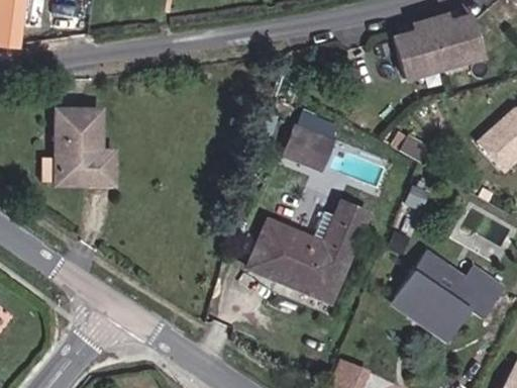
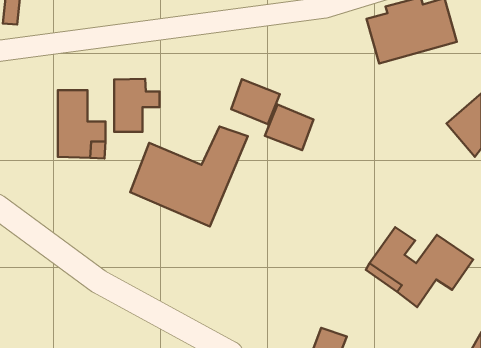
building: none -> [114,79,160,132]
building: none -> [231,79,280,124]
building: [247,200,373,306] -> [130,127,248,227]

